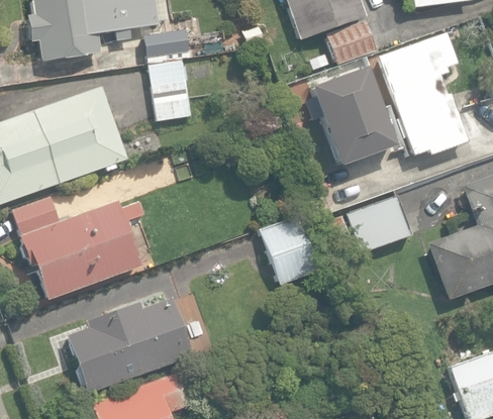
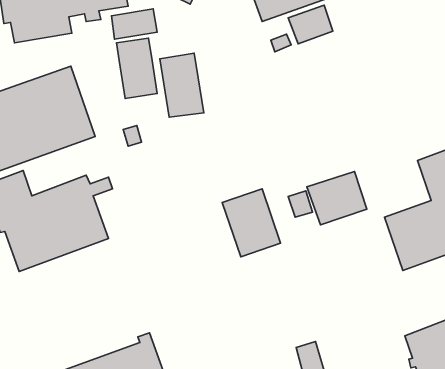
building: [377,28,468,153] -> none
building: [310,63,396,163] -> none
building: none -> [160,53,204,117]
building: [67,297,195,394] -> none

